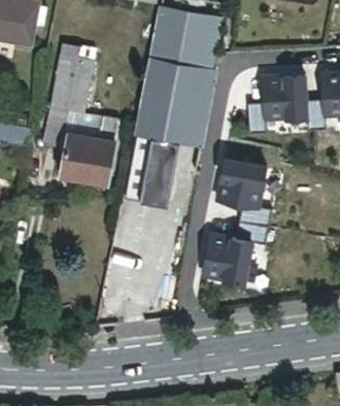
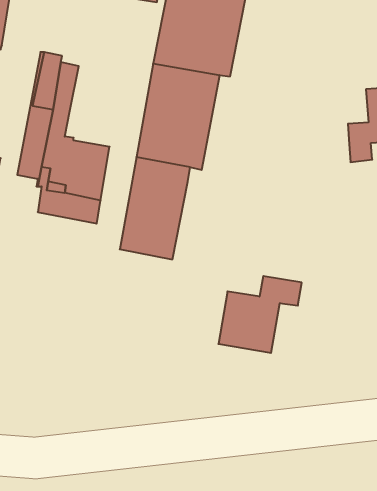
building: [179,63,217,153] -> none
building: [249,75,309,136] -> none
building: [217,163,274,230] -> none

